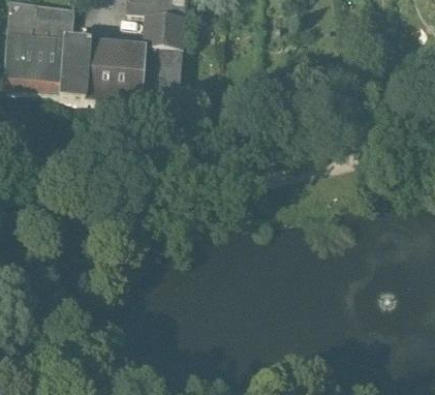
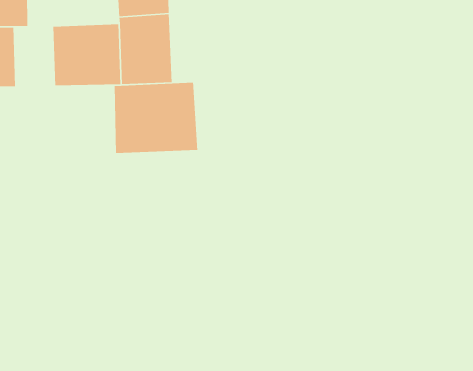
building: [55,43,90,95] -> none
building: none -> [114,82,198,154]

